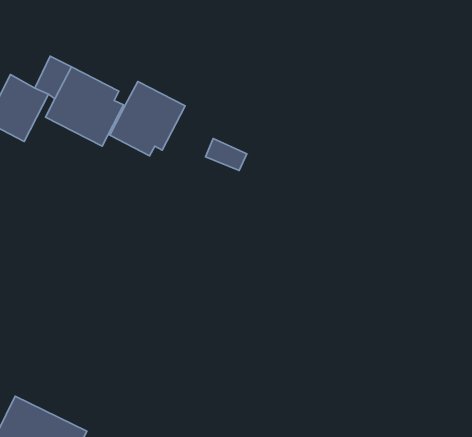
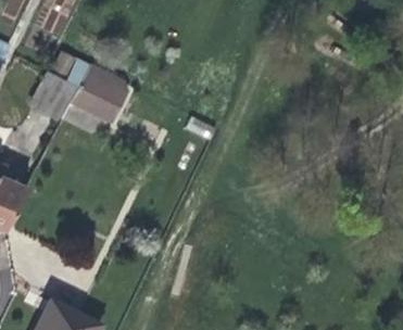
building: [110,81,185,156] -> none

